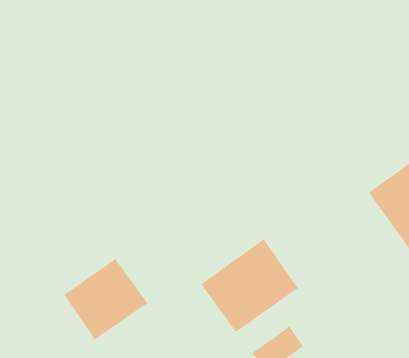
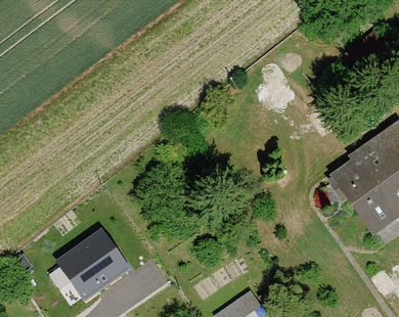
building: [201,238,299,333] -> none

